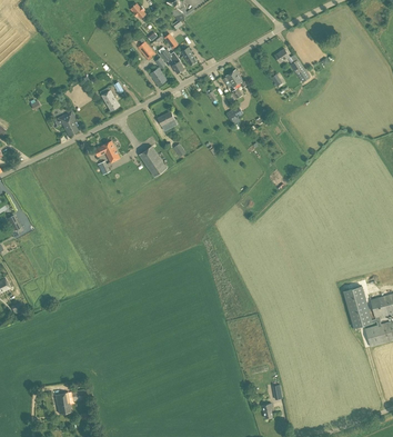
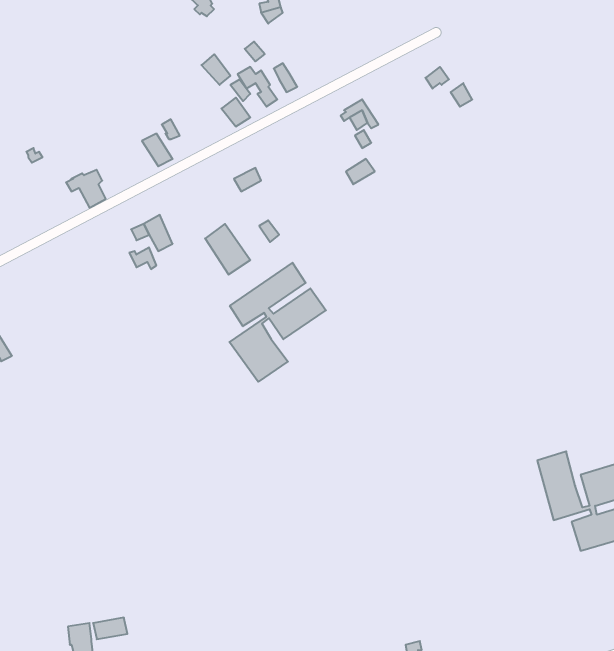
building: none -> [229,263,326,382]

